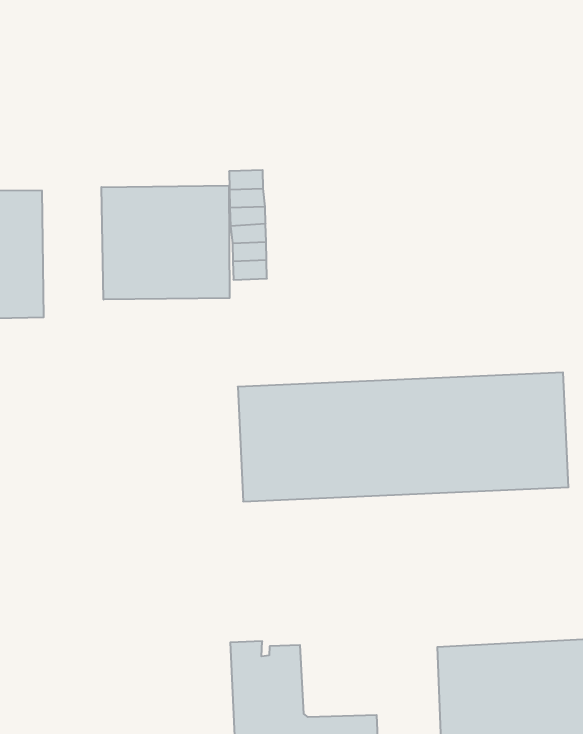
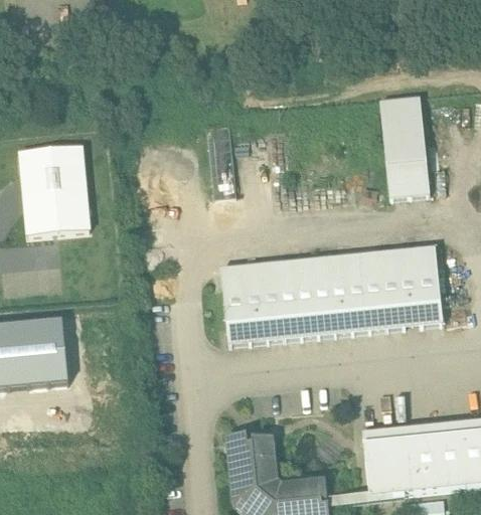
building: none -> [379,98,430,197]
building: [101,185,230,300] -> none

